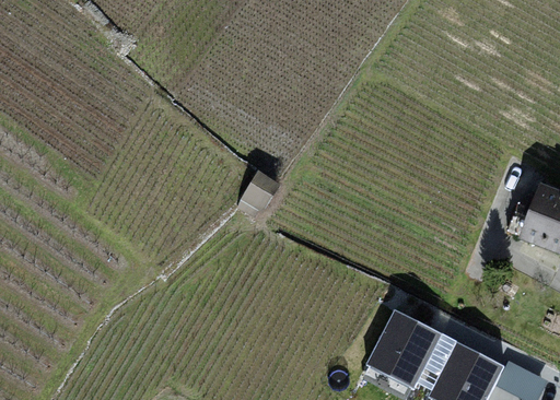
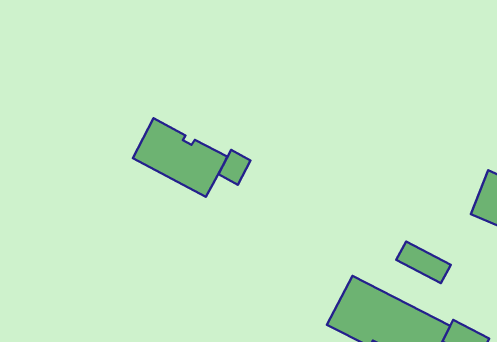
building: none -> [133,118,227,197]
building: none -> [396,241,451,283]

